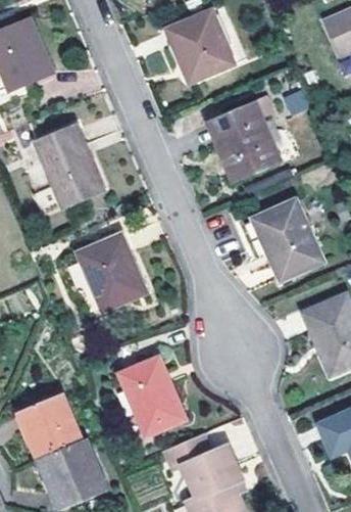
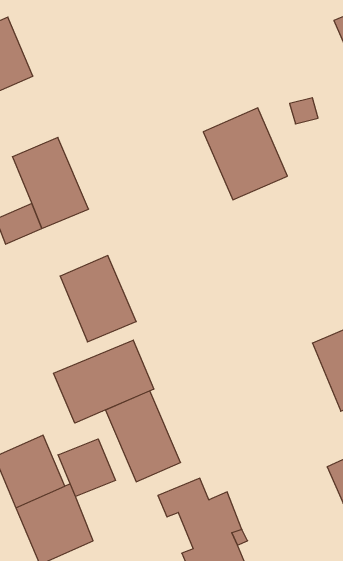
building: [165,9,232,81] -> none
building: [252,197,321,280] -> none
building: none -> [54,340,154,423]
building: none -> [58,439,116,496]

